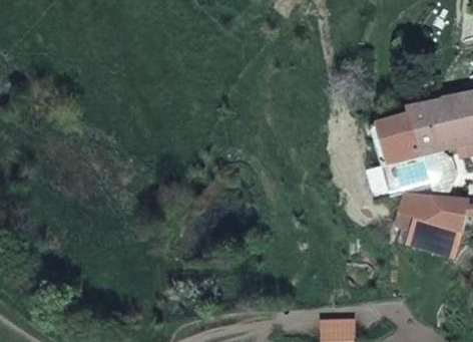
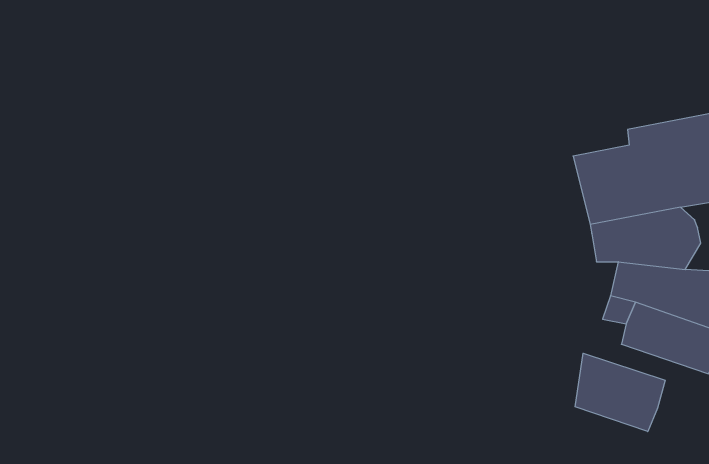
building: none -> [575,353,665,432]

